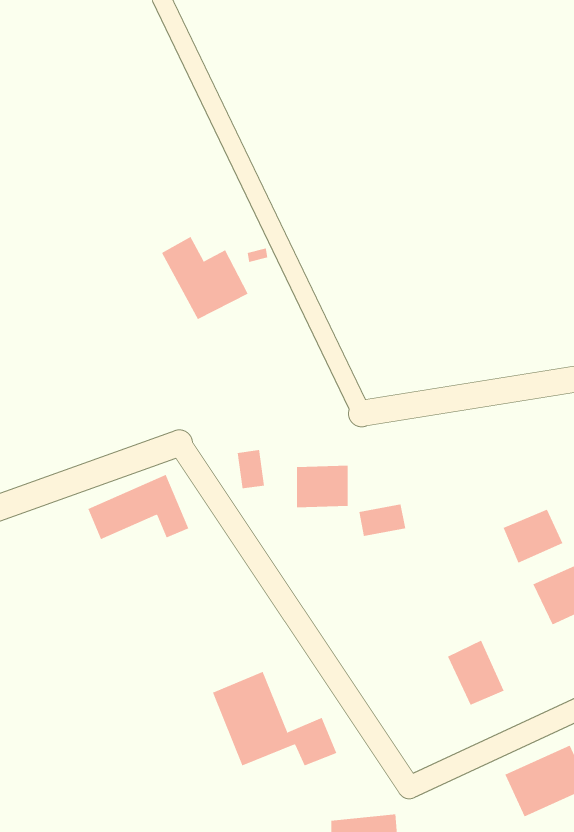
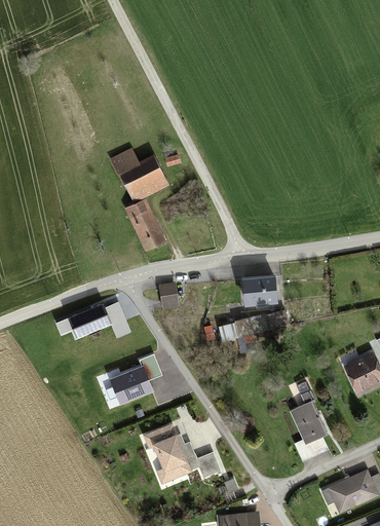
building: none -> [126,200,163,251]
building: [296,465,349,508] -> [244,277,277,304]
building: [503,509,563,563] -> none
building: none -> [109,353,161,404]

